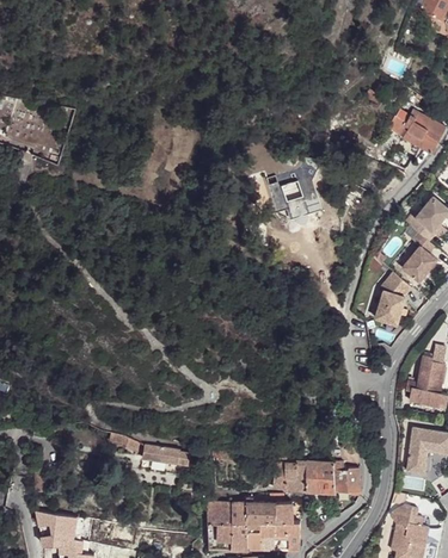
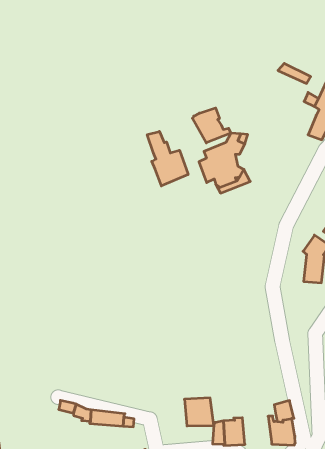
building: none -> [192,108,231,143]
building: none -> [147,131,188,186]
building: [306,461,336,491] -> [184,398,214,426]

